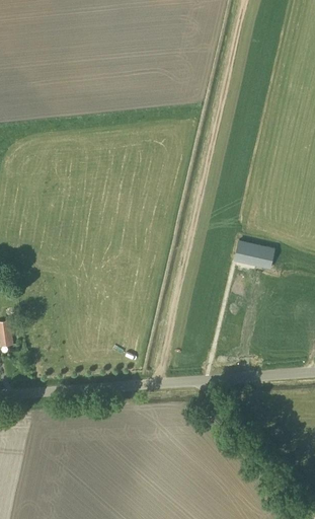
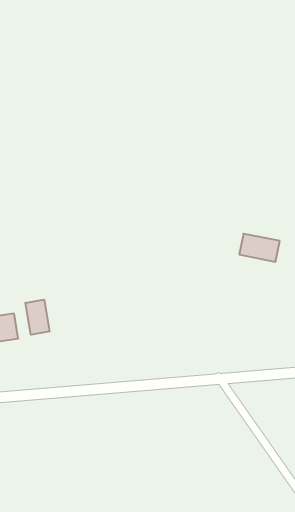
building: none -> [25,300,49,335]

